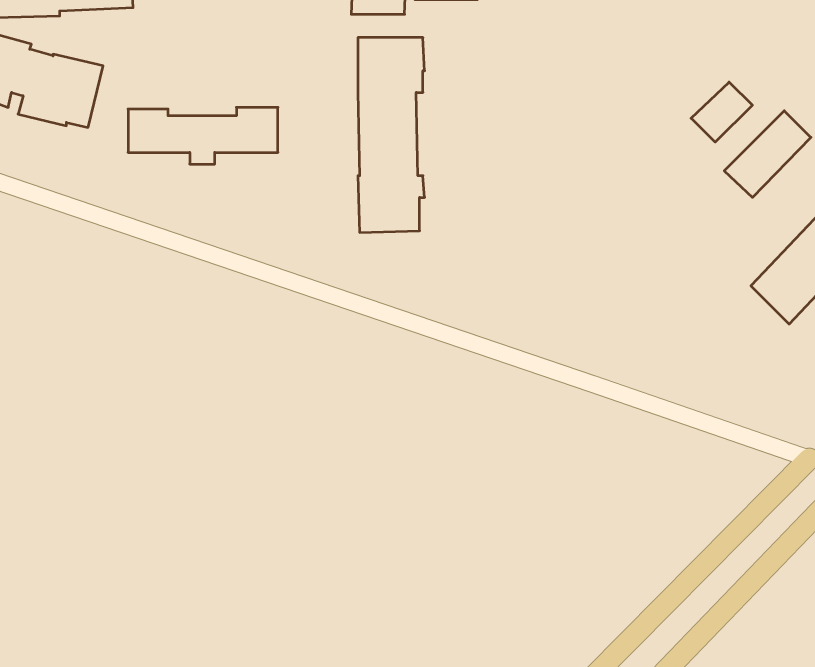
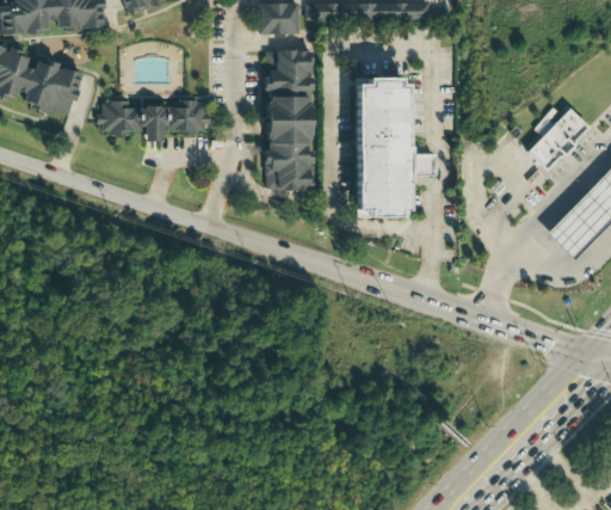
building: [691,82,752,142] -> none
building: none -> [357,81,438,221]

